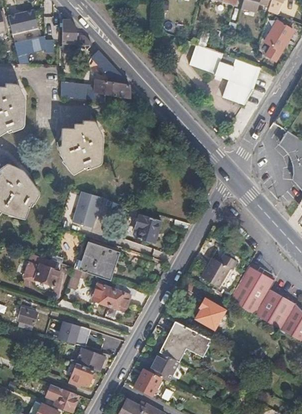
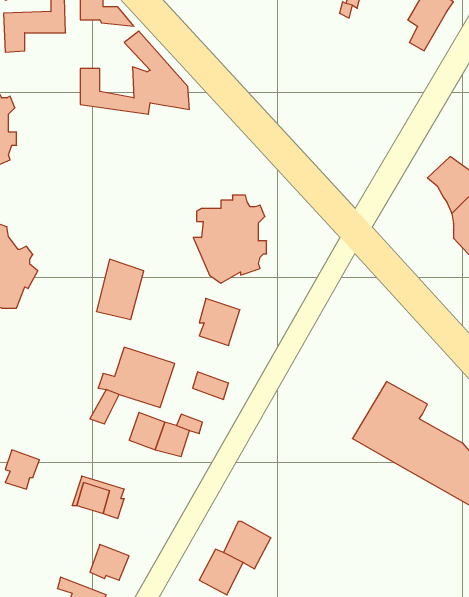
building: [188,43,260,104] -> none
building: [58,120,103,174] -> [193,195,267,283]
building: [201,252,236,287] -> none
building: [27,256,66,287] -> none
building: [198,295,224,326] -> none
building: [161,322,210,361] -> none
building: [74,350,103,374] -> none

